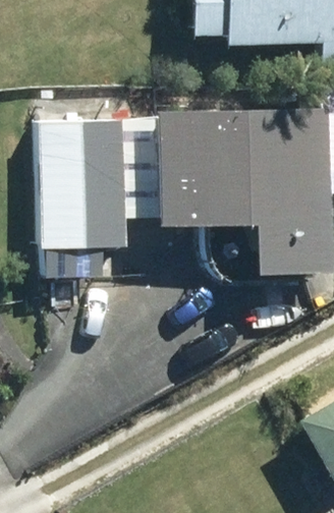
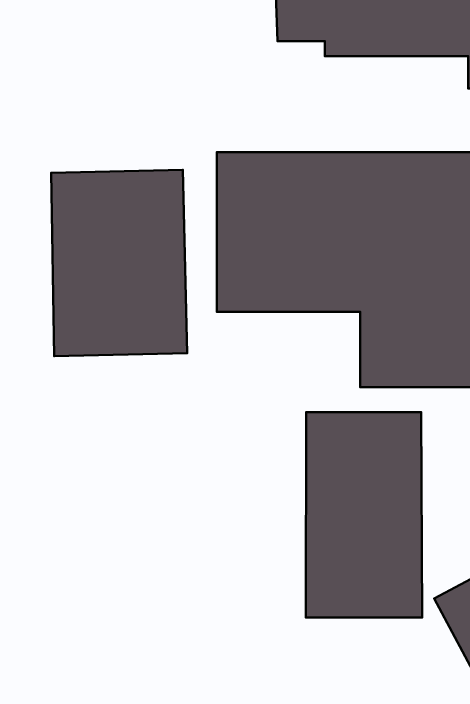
building: none -> [306,412,422,618]

